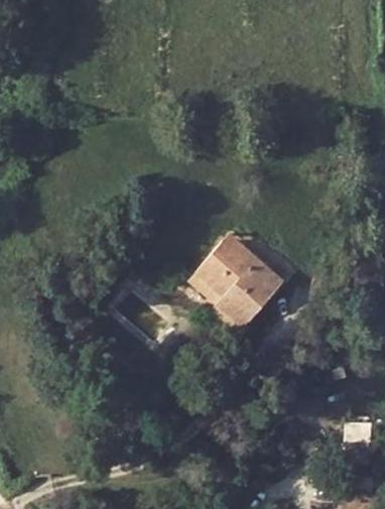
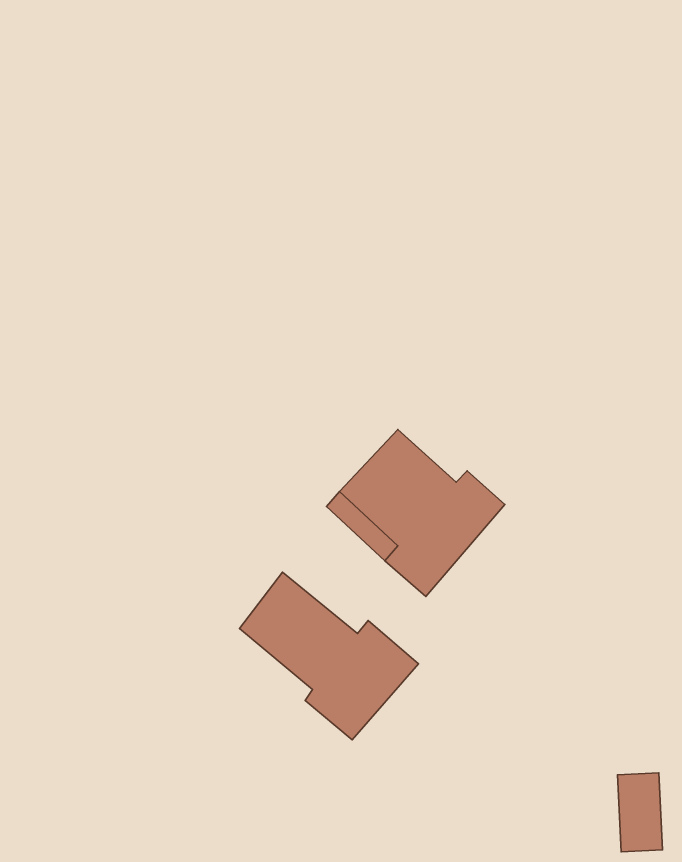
building: none -> [240,572,418,740]

